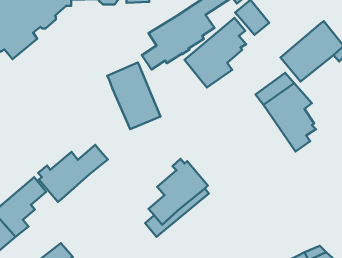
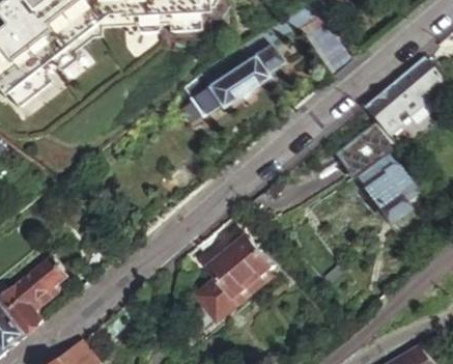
building: [184,18,246,87] -> none
building: [107,62,160,129] -> none
building: [38,145,108,202] -> none

